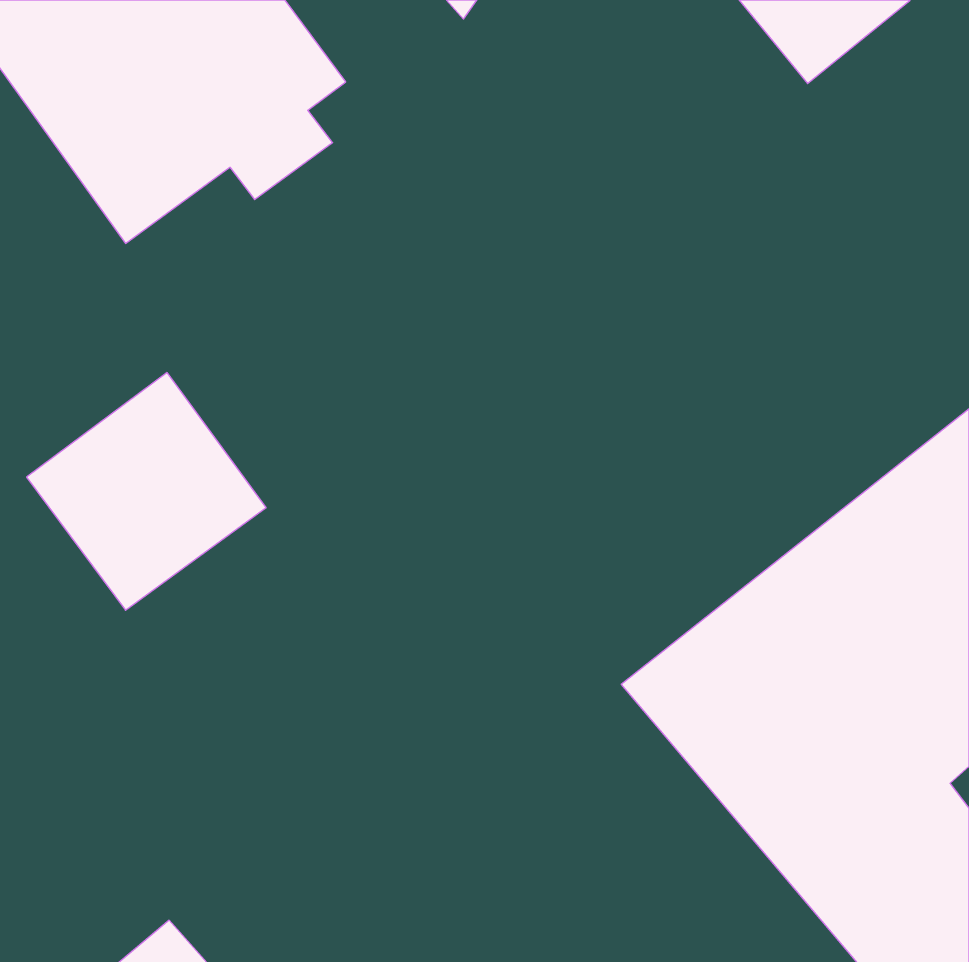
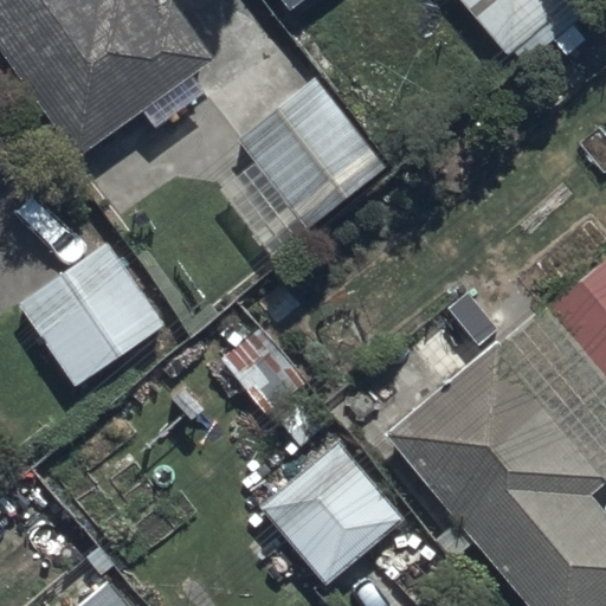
building: none -> [238,78,387,231]
building: none -> [262,443,402,584]

